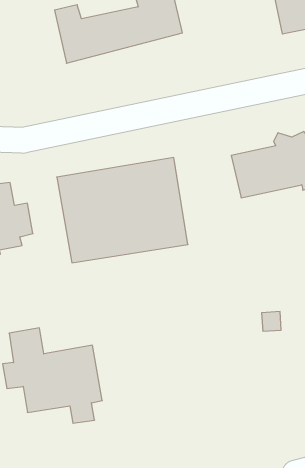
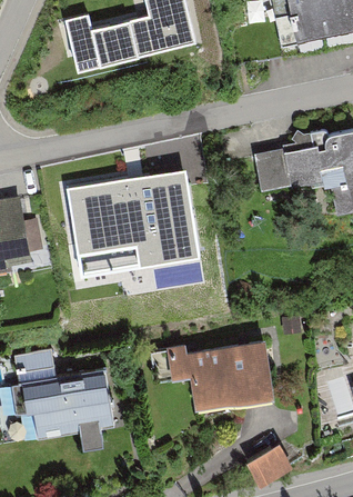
building: none -> [145,334,273,415]
building: none -> [246,438,291,479]

